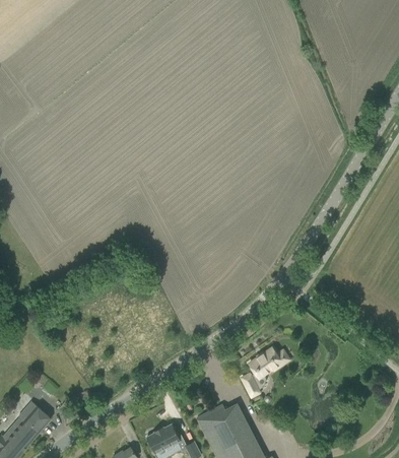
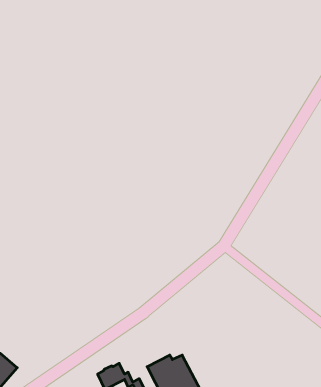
building: [242,348,287,397] -> none

